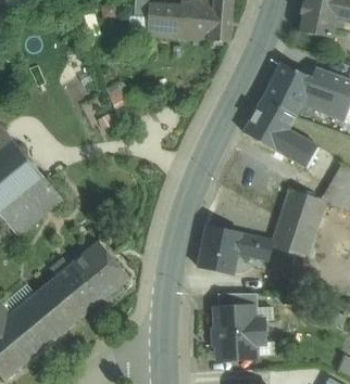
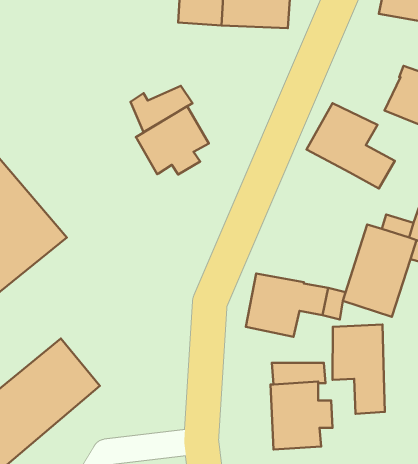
building: [263,62,314,114] -> none
building: none -> [136,106,209,174]
building: [59,242,128,310] -> none
building: none -> [332,324,385,414]

